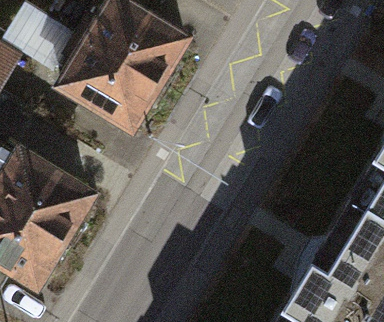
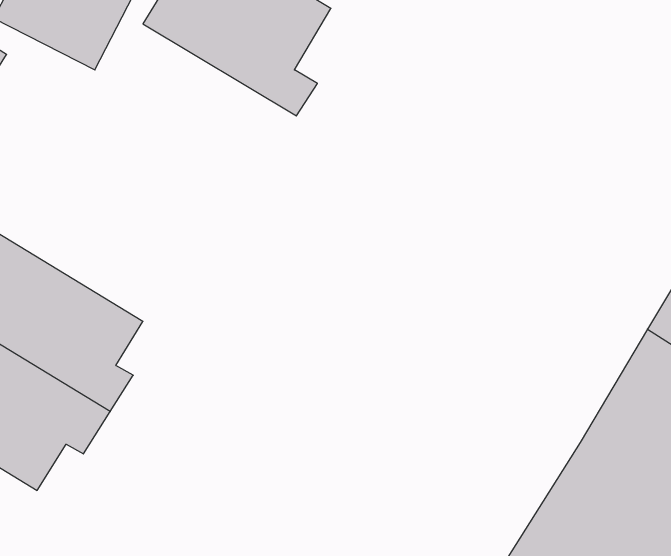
building: [61,40,167,125] -> none

